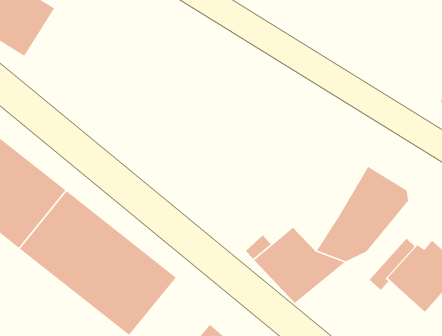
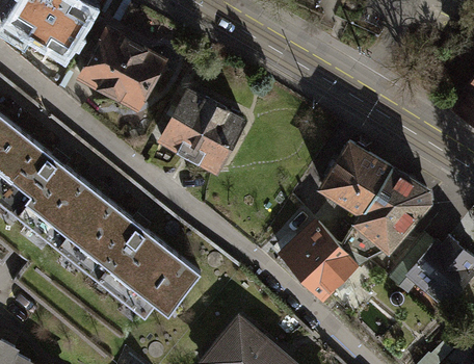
building: none -> [77,28,161,110]
building: none -> [160,92,242,171]
building: none -> [320,145,388,214]

